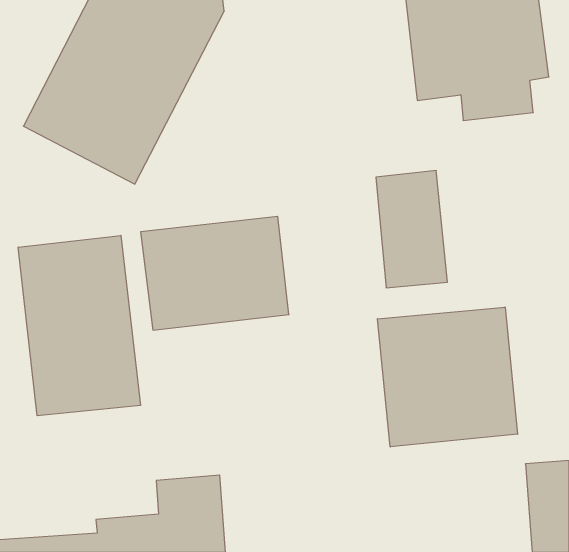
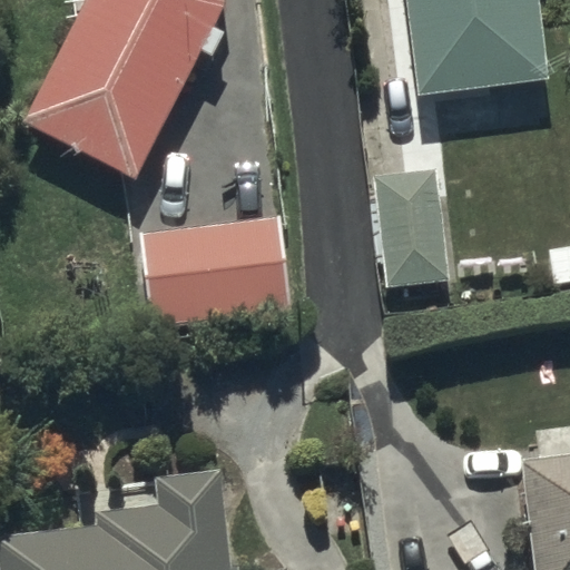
building: [18,235,140,416] -> none
building: [377,307,518,447] -> none

